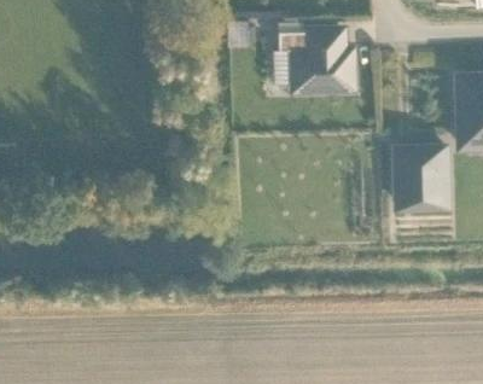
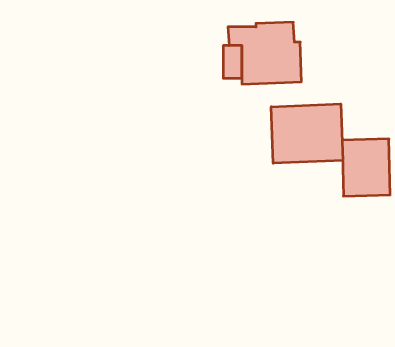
building: none -> [271,104,343,163]

